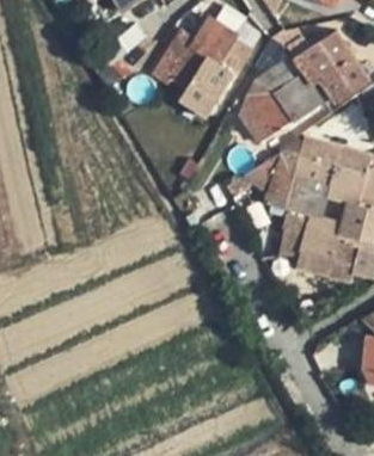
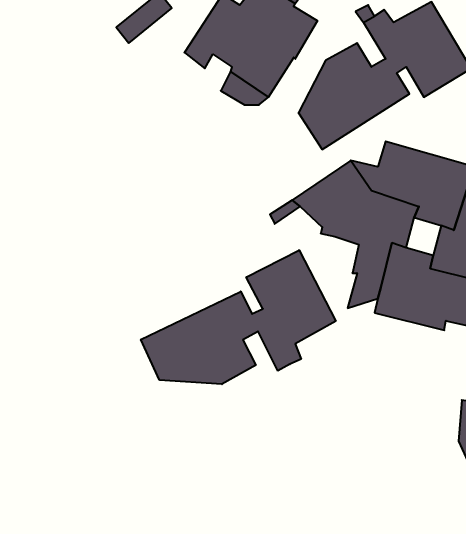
building: none -> [141,250,336,384]

